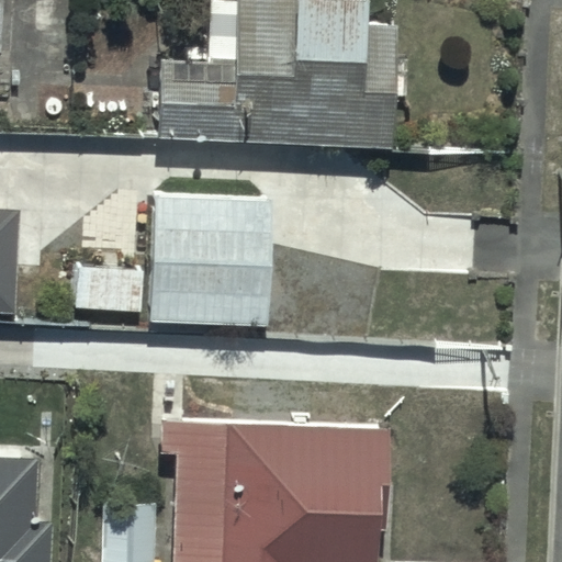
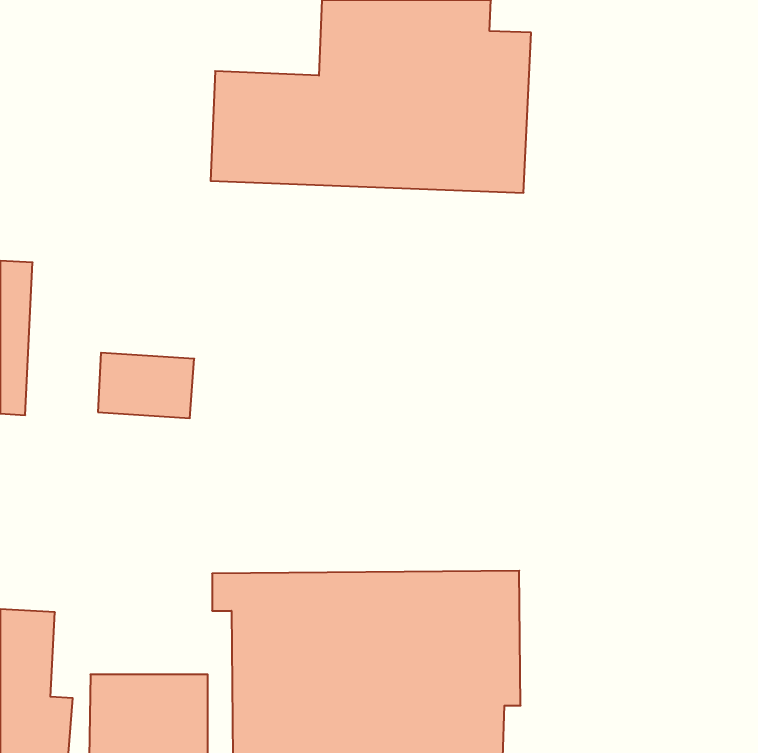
building: [150,193,273,327] -> none

